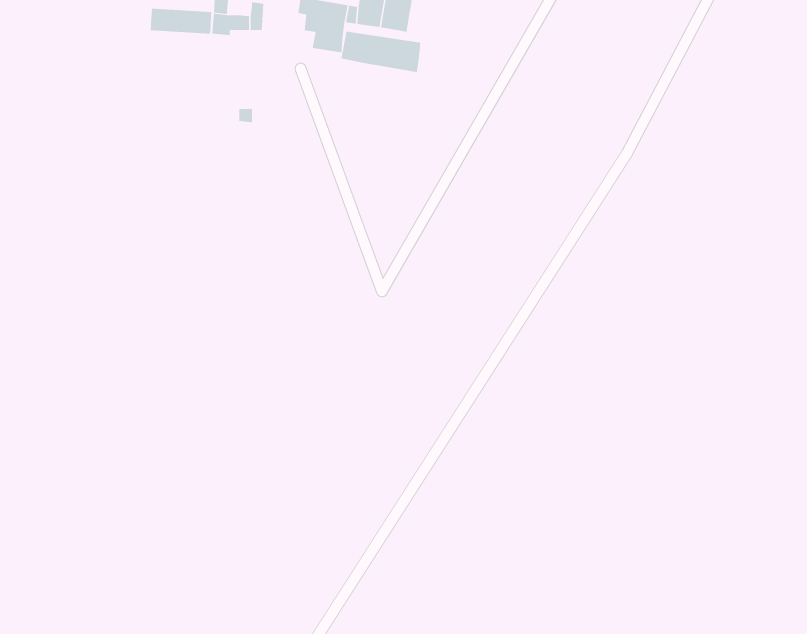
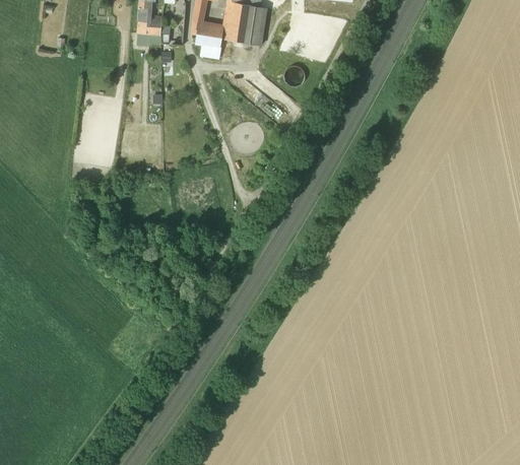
building: [150,8,212,35] -> none
building: [341,31,421,73] -> none

